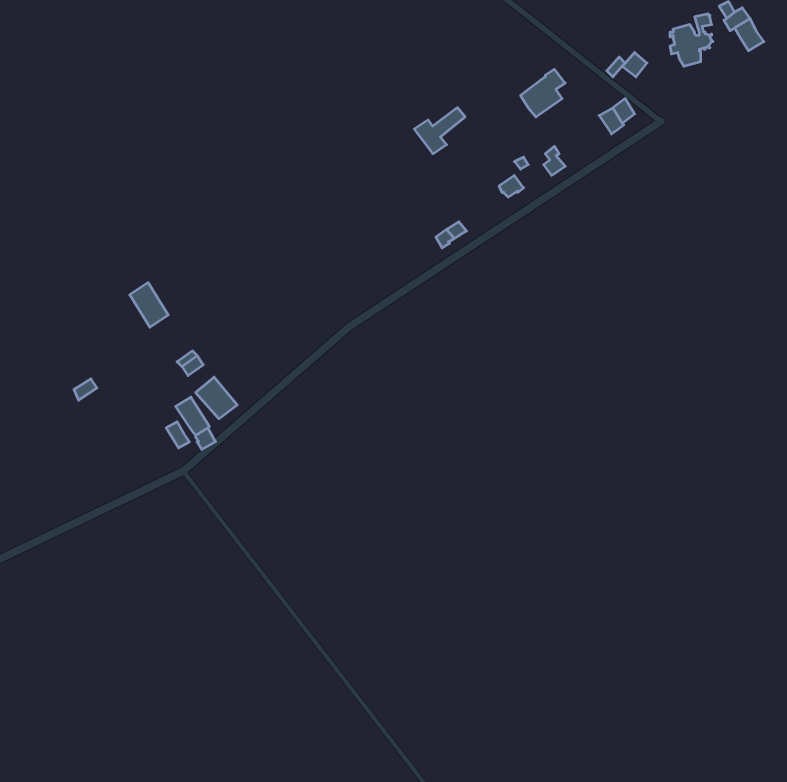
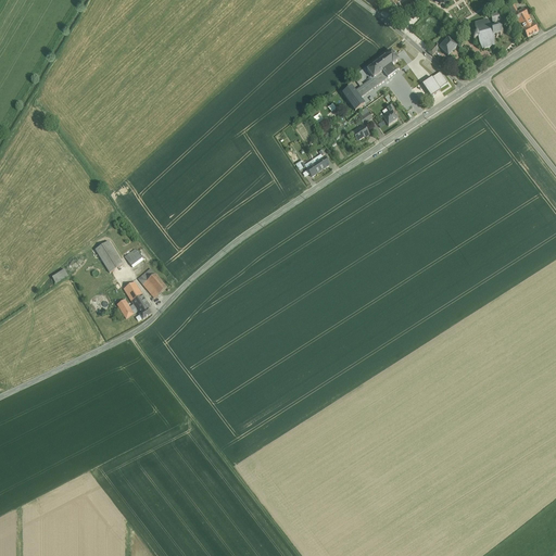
building: [414,108,465,154] -> [342,76,378,109]
building: [130,283,168,327] -> [96,239,123,270]

